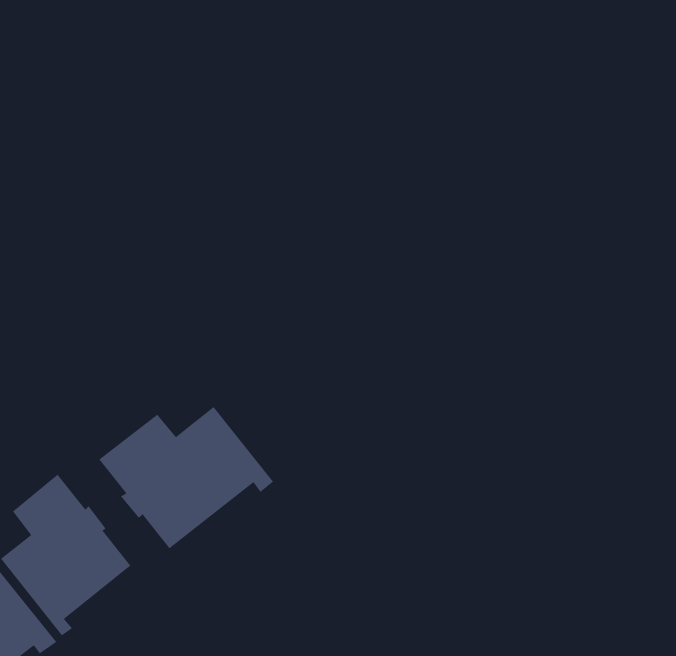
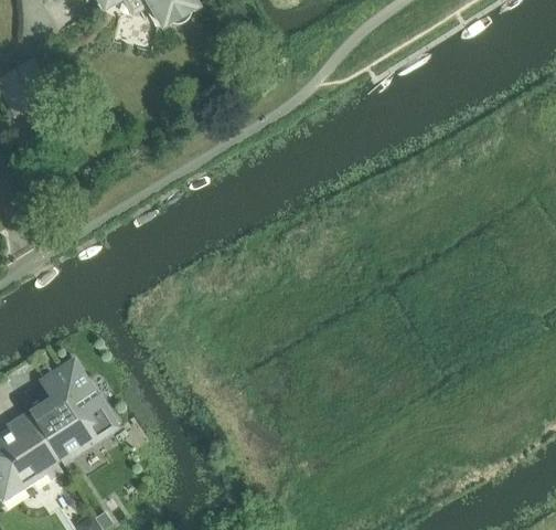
building: [98,406,274,549] -> none

